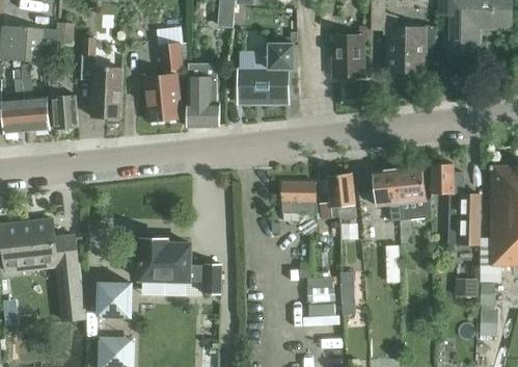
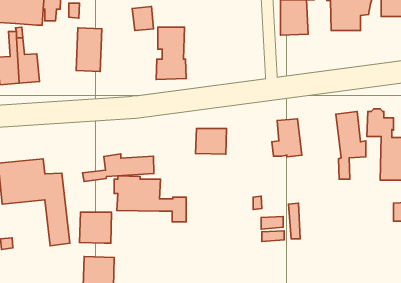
building: [237,44,293,104] -> none
building: [47,63,78,128] -> none
building: [142,73,182,122] -> none
building: [373,167,402,219] -> none
building: [280,183,317,213] -> [195,128,227,154]
building: none -> [82,154,154,181]

